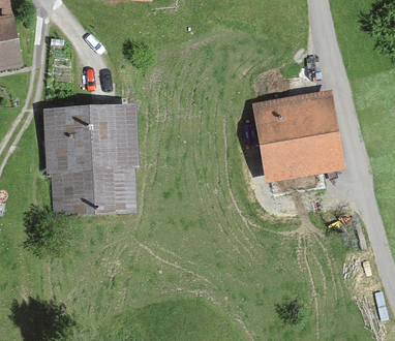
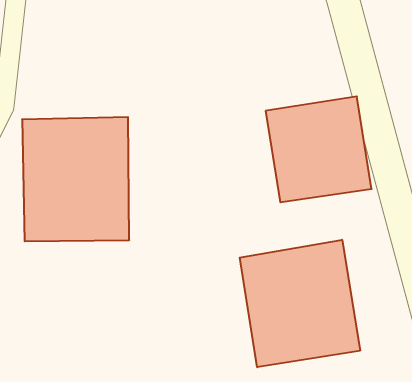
building: none -> [240,240,360,367]

